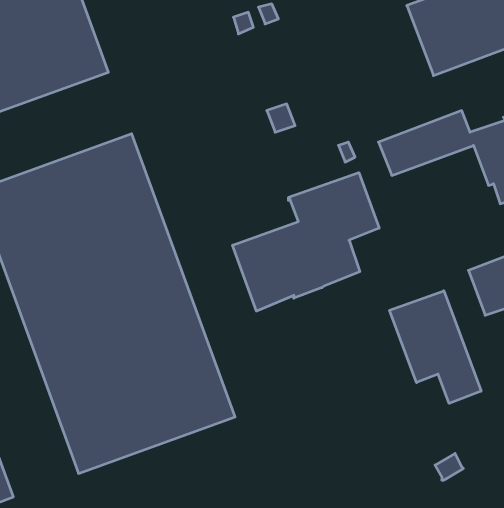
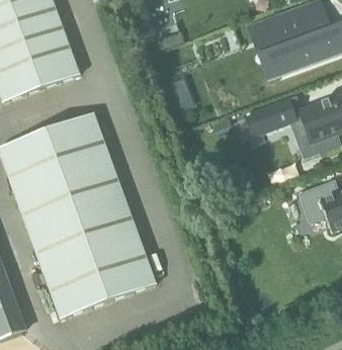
building: [233,173,379,311] -> none
building: [390,291,481,403] -> none

